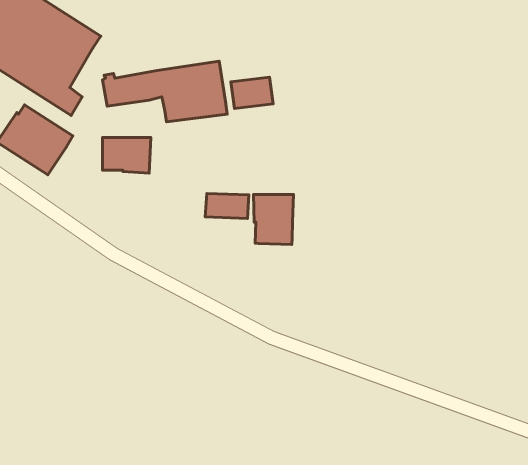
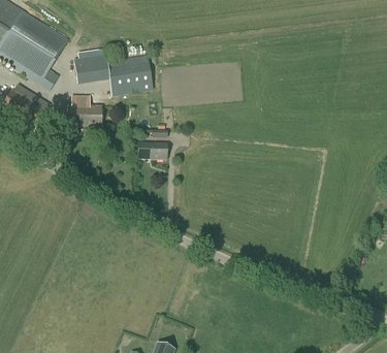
building: [231,77,273,108] -> none
building: [253,195,294,245] -> none

